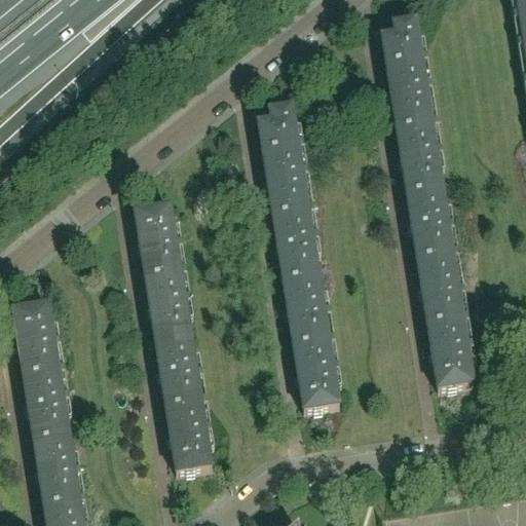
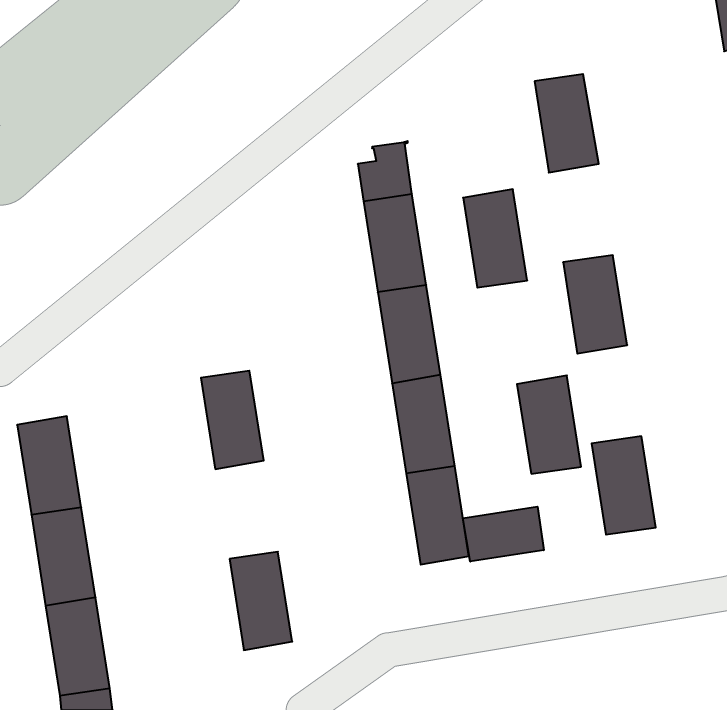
building: [382,15,421,59] -> none
building: [397,118,443,189] -> [463,189,527,288]
building: [135,201,181,272] -> none
building: [417,249,463,320] -> [517,375,581,474]
building: [156,332,201,403] -> none
building: none -> [463,507,544,562]

